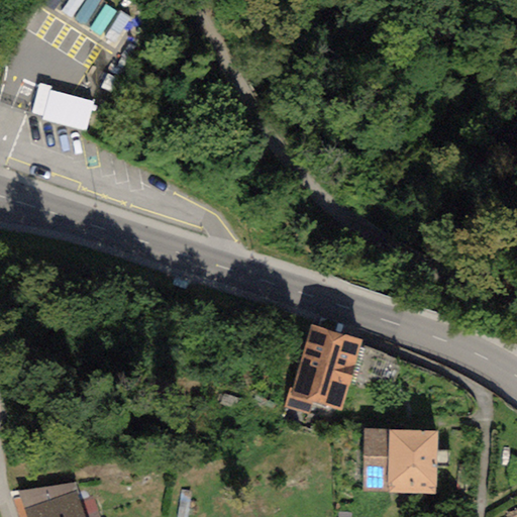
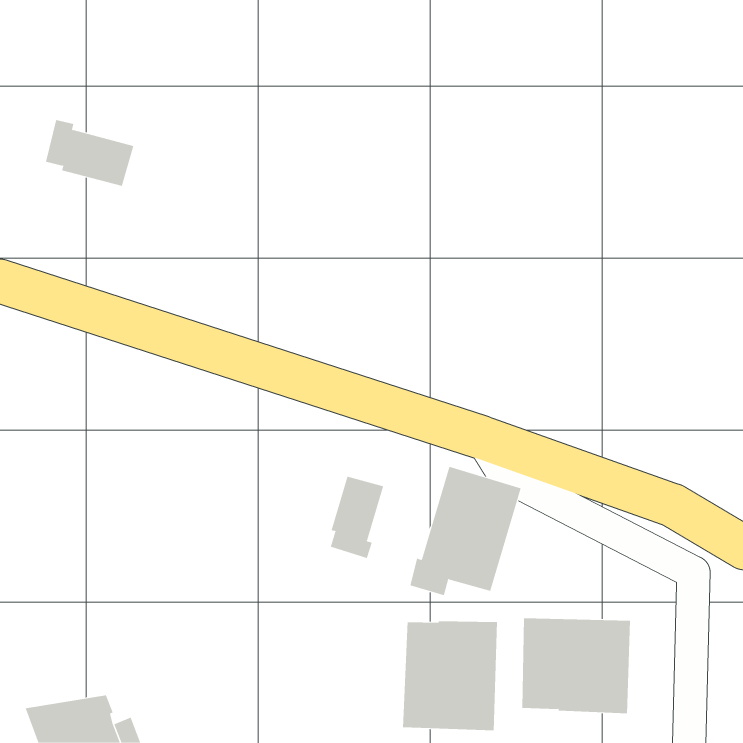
building: none -> [330,476,384,559]
building: none -> [403,620,498,731]

